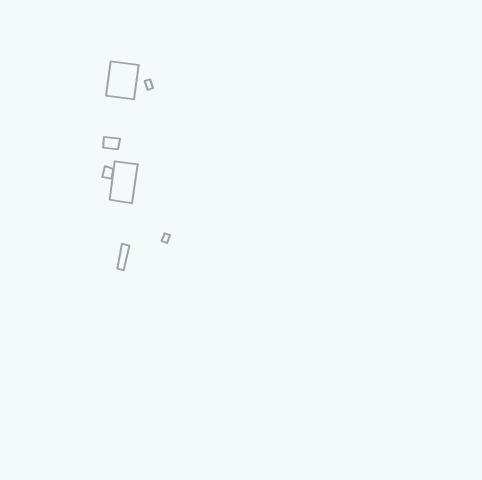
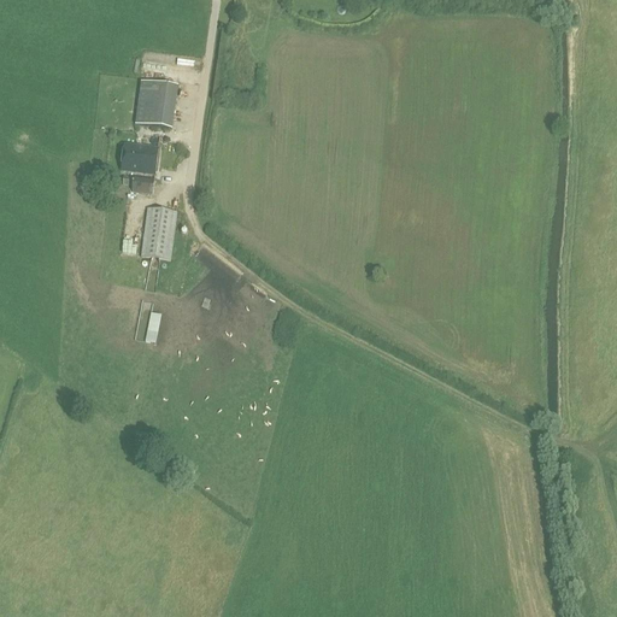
building: none -> [121,141,158,172]

